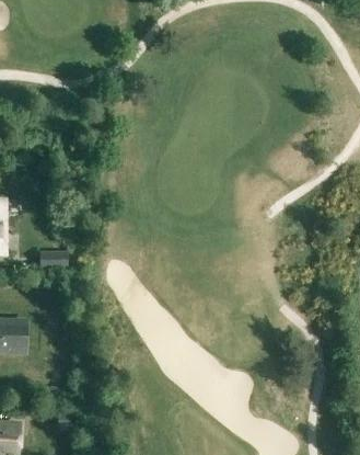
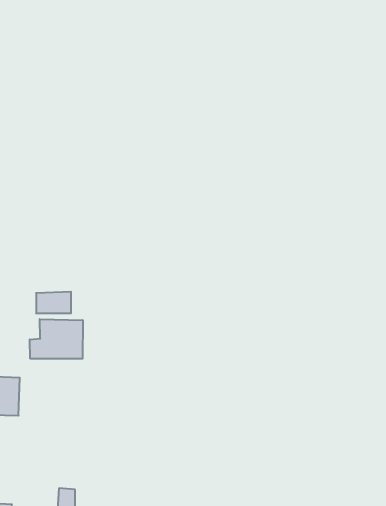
building: none -> [30,319,83,359]

